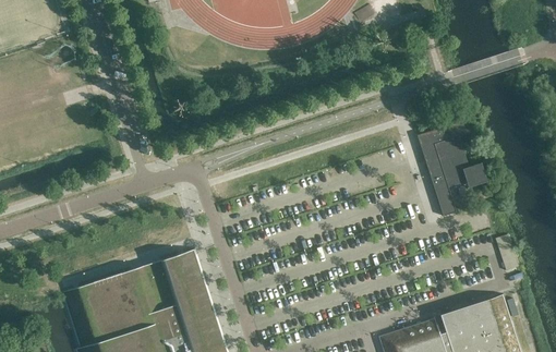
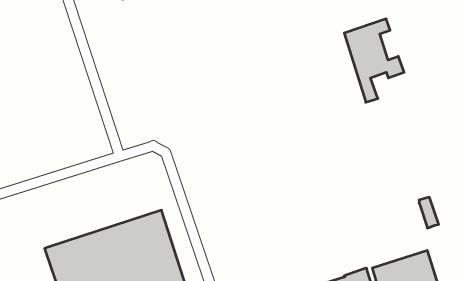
building: [418,119,487,216] -> [344,19,404,102]

